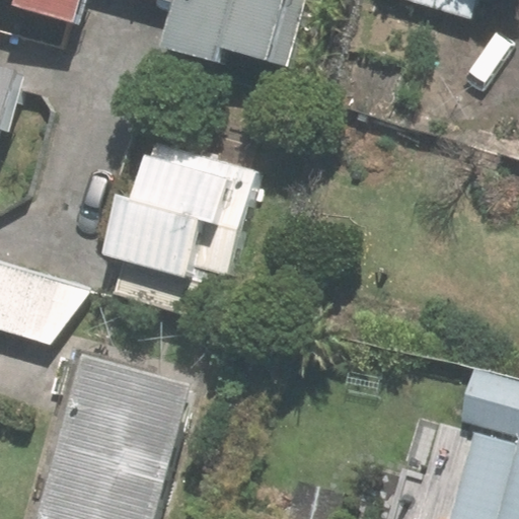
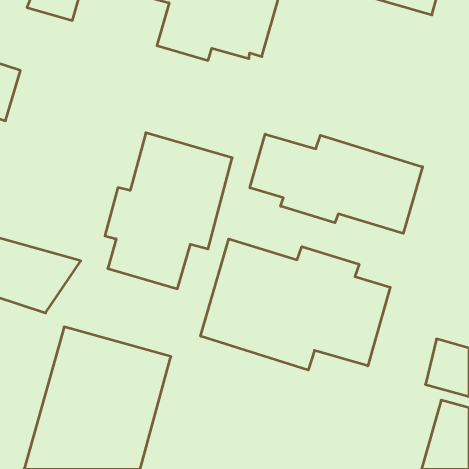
building: none -> [250,134,423,233]
building: none -> [201,239,390,370]

